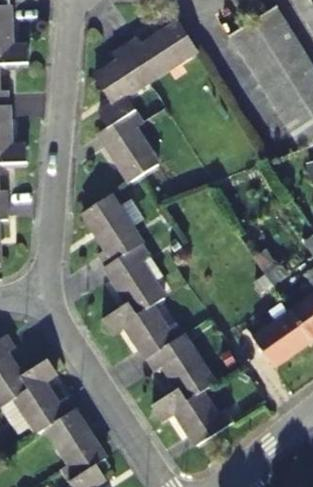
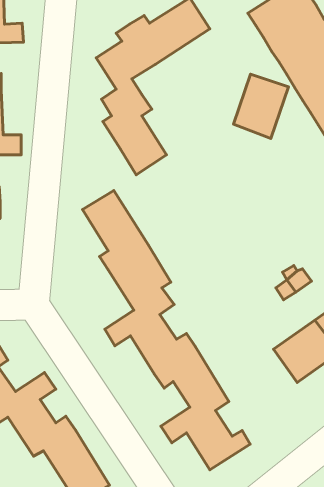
building: none -> [234,74,289,138]

